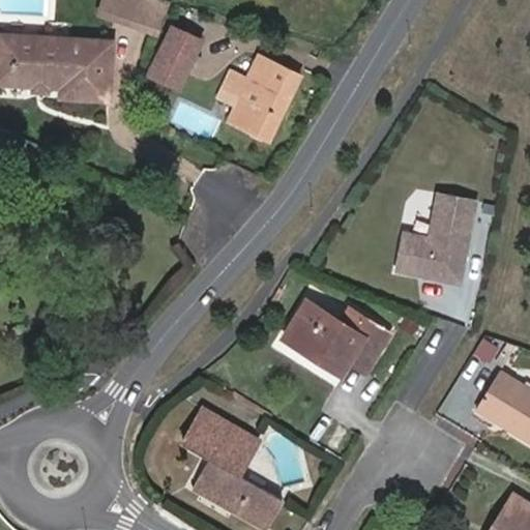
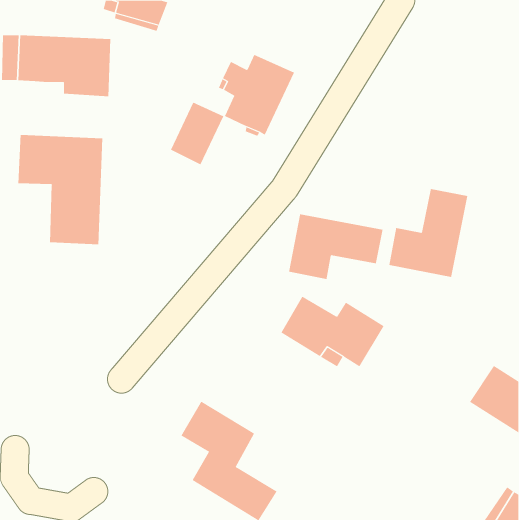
building: [147,26,202,90] -> [170,102,224,165]
building: none -> [18,134,103,245]
building: none -> [288,213,383,280]

